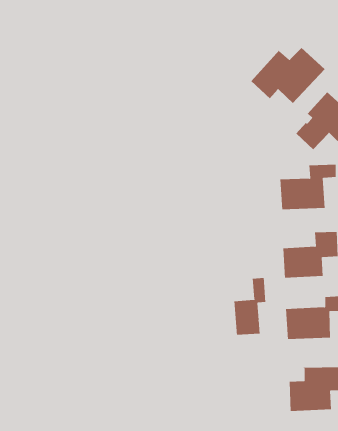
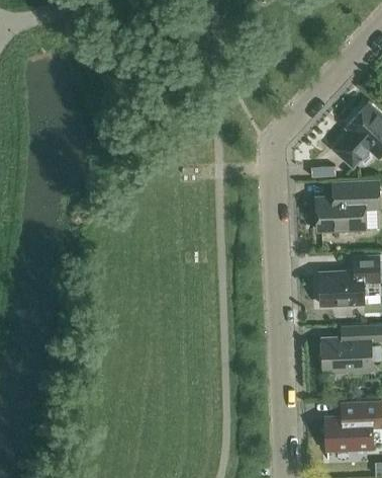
building: [250,47,325,104] -> none
building: [234,277,266,336] -> none

